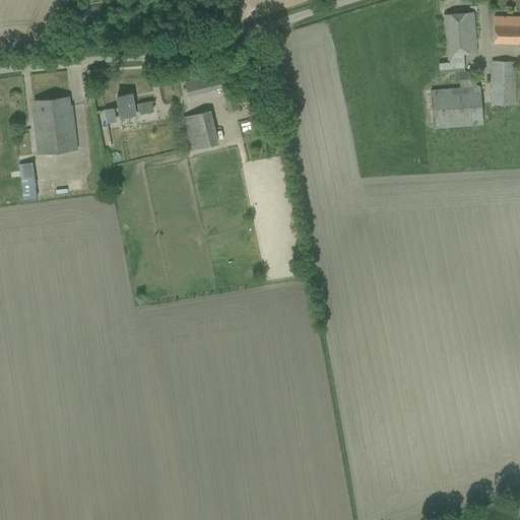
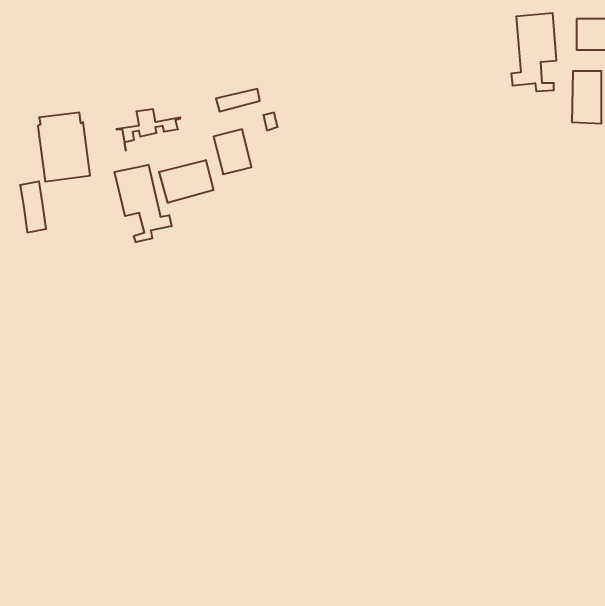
building: [431,77,482,129] -> none
building: none -> [159,160,213,203]
building: none -> [115,165,172,242]

